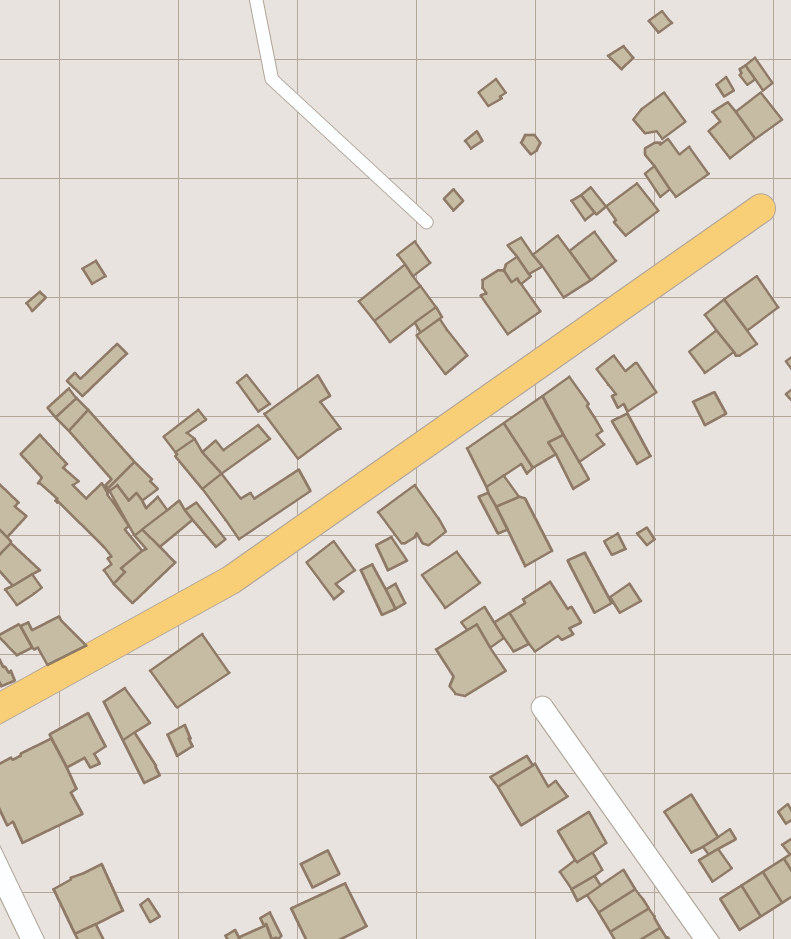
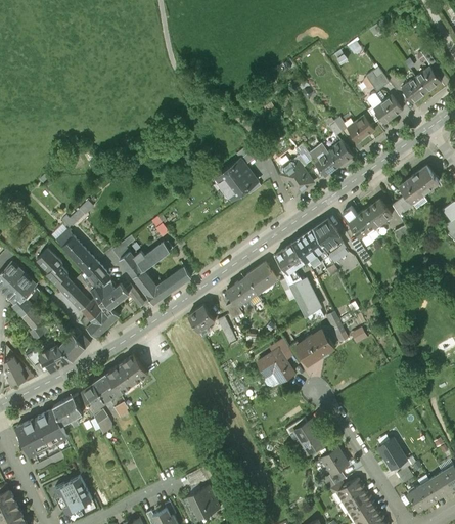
building: [417,319,467,374] -> none
building: none -> [364,200,392,229]
building: [264,375,341,459] -> none
building: [422,552,480,608] -> [246,263,277,293]
building: none -> [59,333,86,360]
building: none -> [93,374,120,406]

